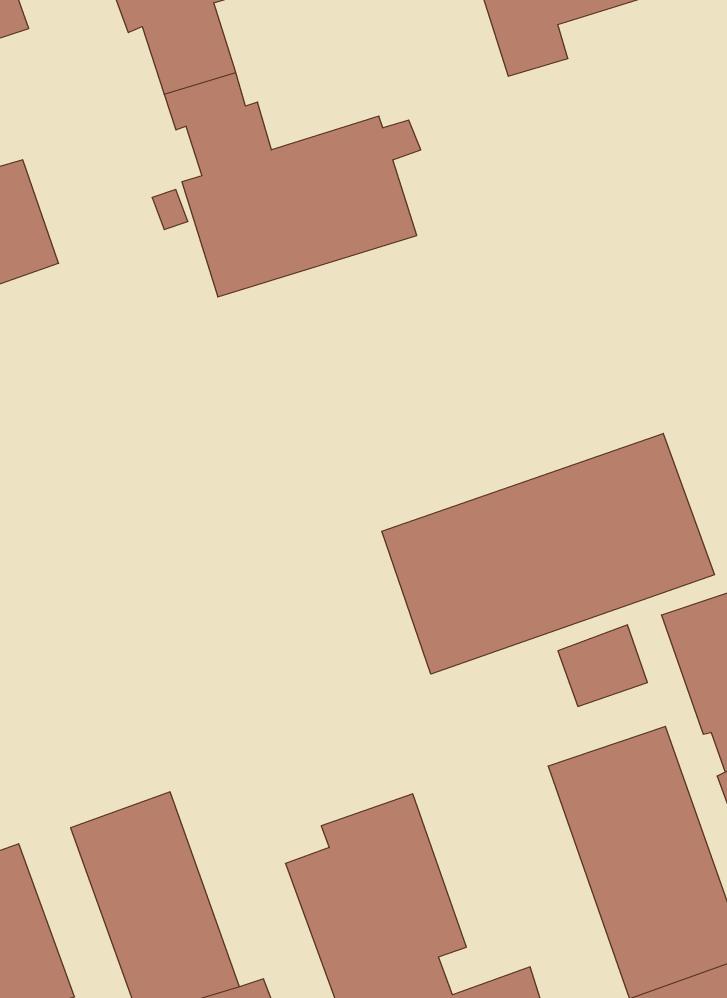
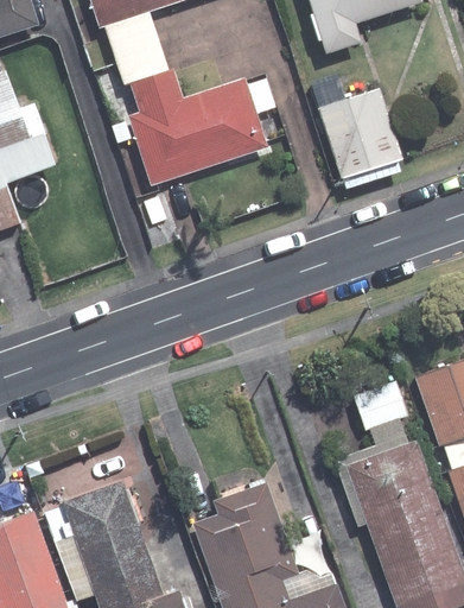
building: none -> [318,88,401,189]
building: [382,433,714,674] -> none

